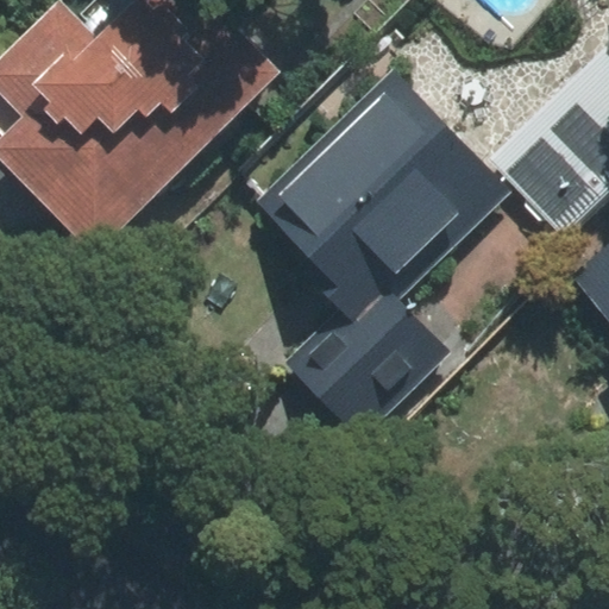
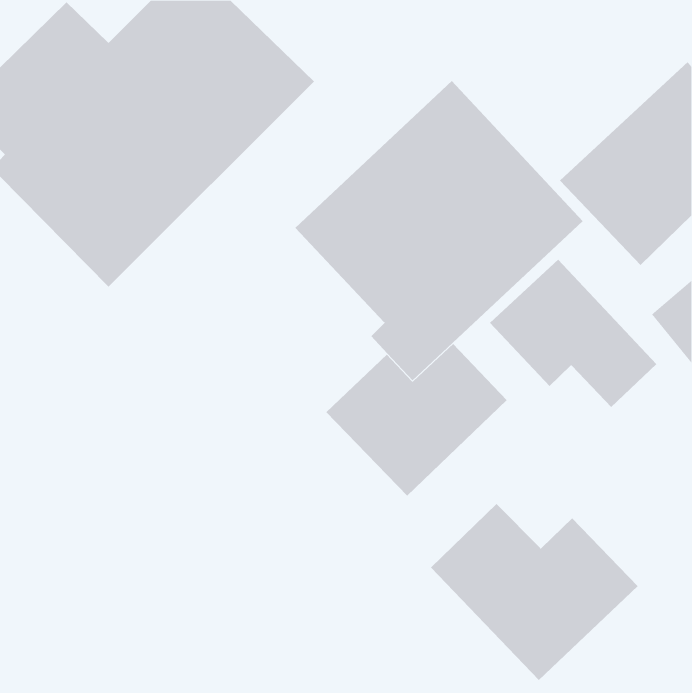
building: none -> [489,259,657,408]
building: none -> [430,503,638,681]

